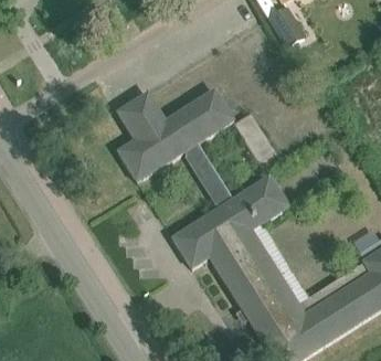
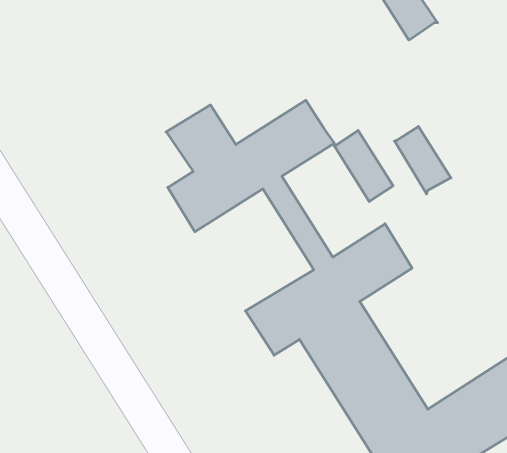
building: none -> [394,126,451,194]

